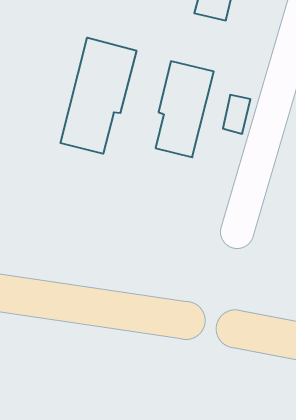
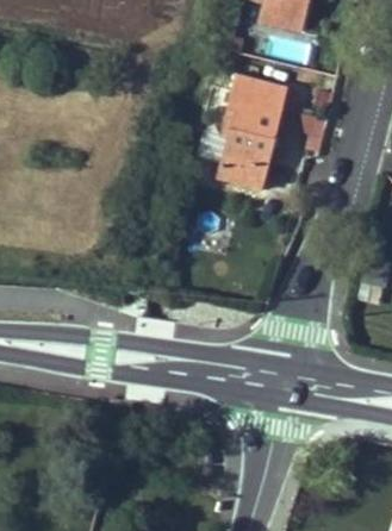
building: [61,38,136,154] -> none

